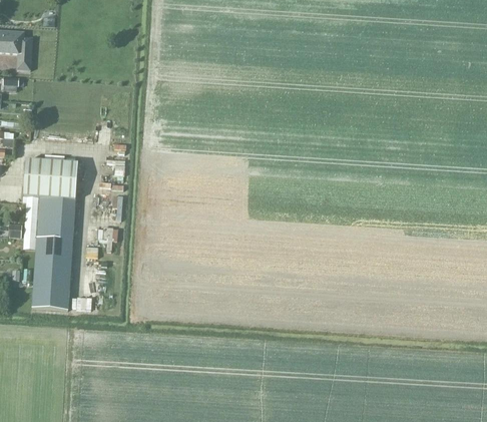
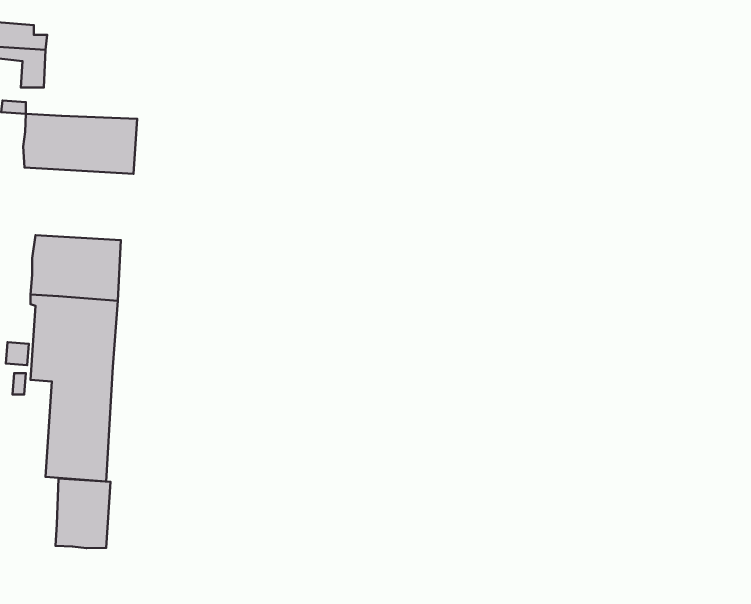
building: none -> [23,114,137,174]
building: none -> [55,478,111,548]

